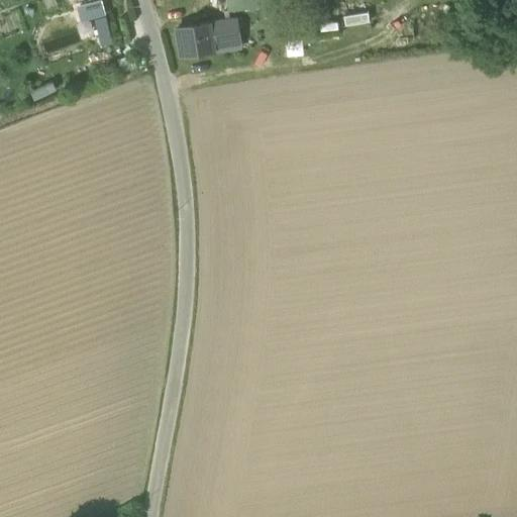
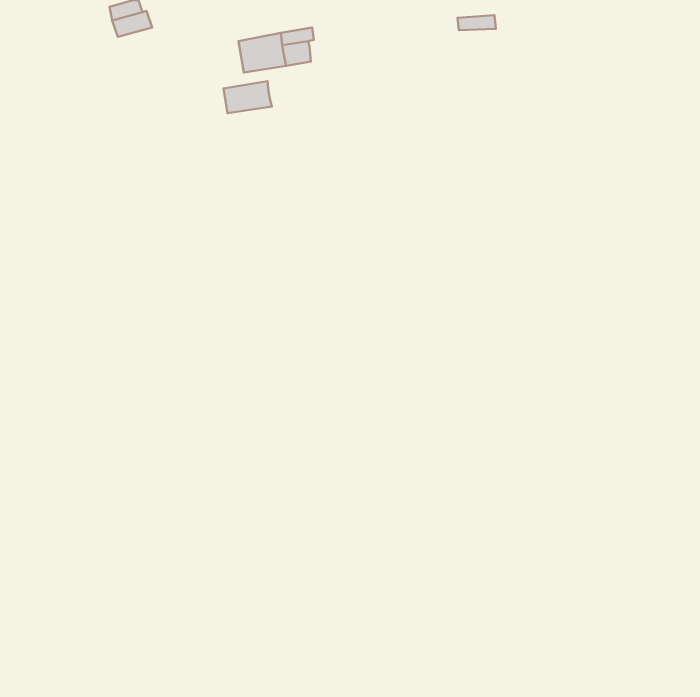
building: none -> [224,81,272,113]

